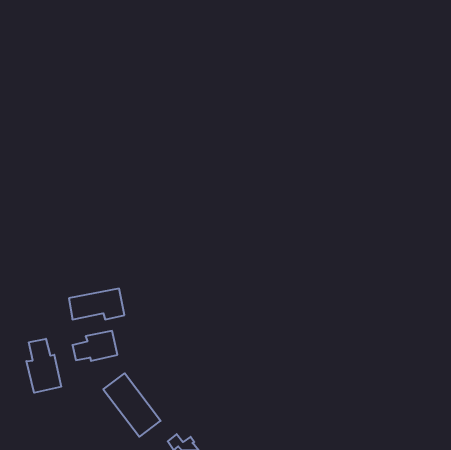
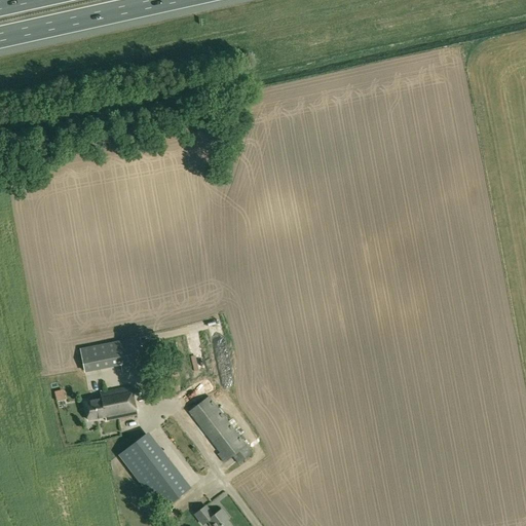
building: [26,339,61,393] -> none
building: none -> [187,396,252,462]

